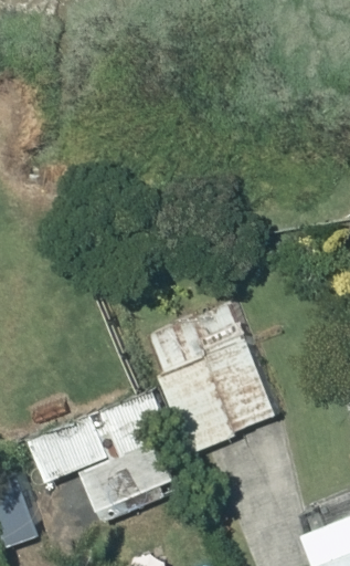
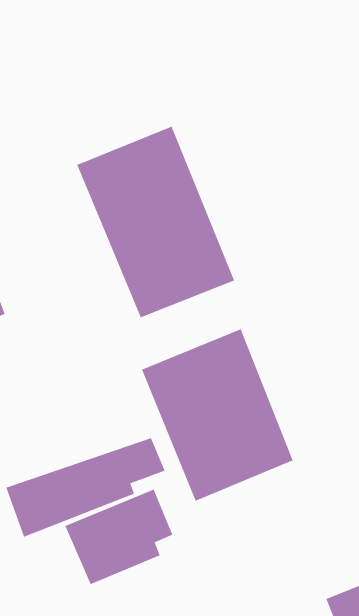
building: none -> [77,126,235,318]

